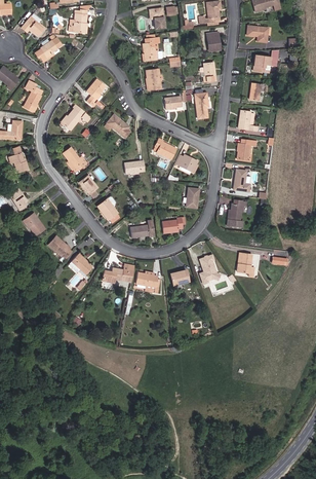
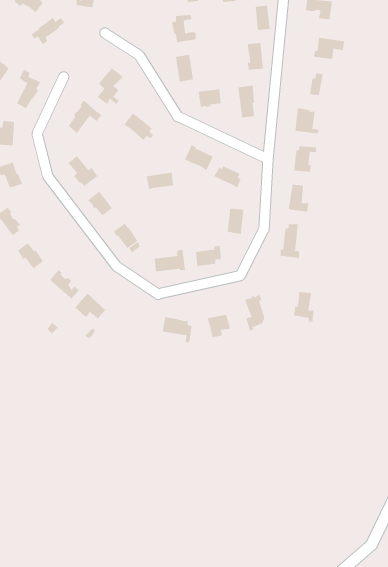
building: [102,263,134,282] -> none

